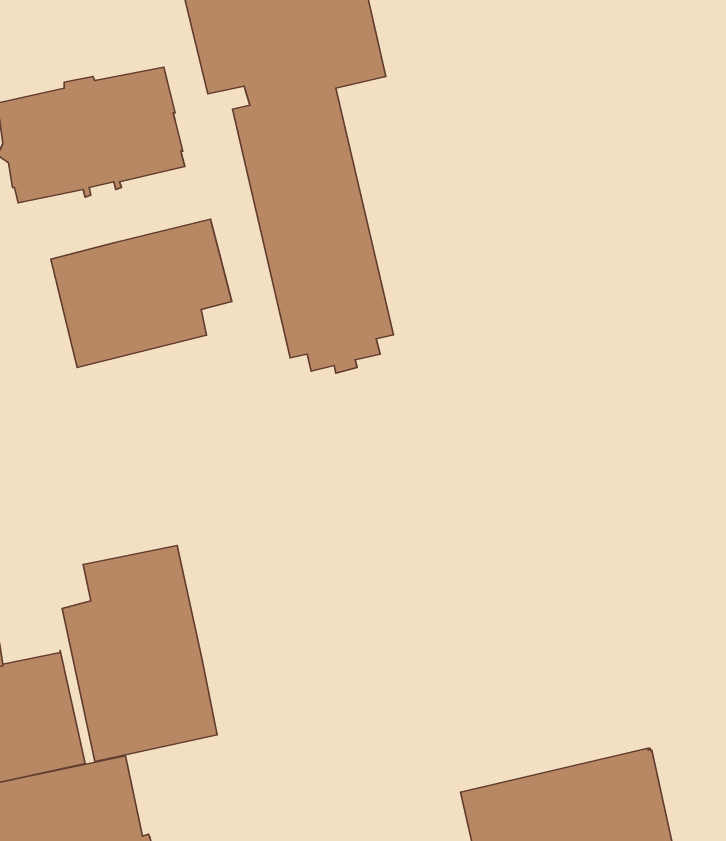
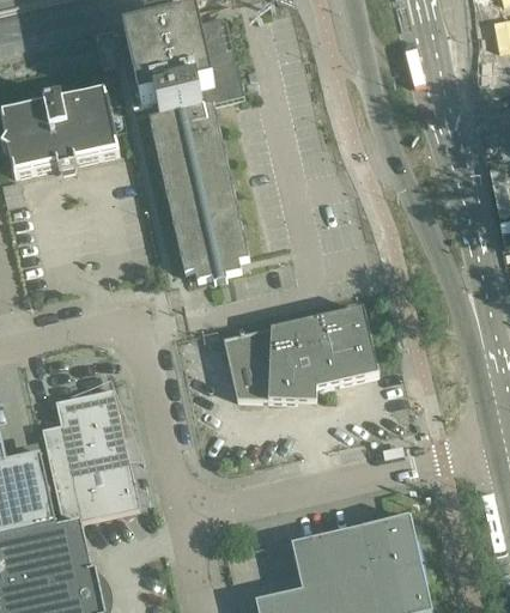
building: [51,219,232,367] -> none
building: none -> [221,306,377,400]

